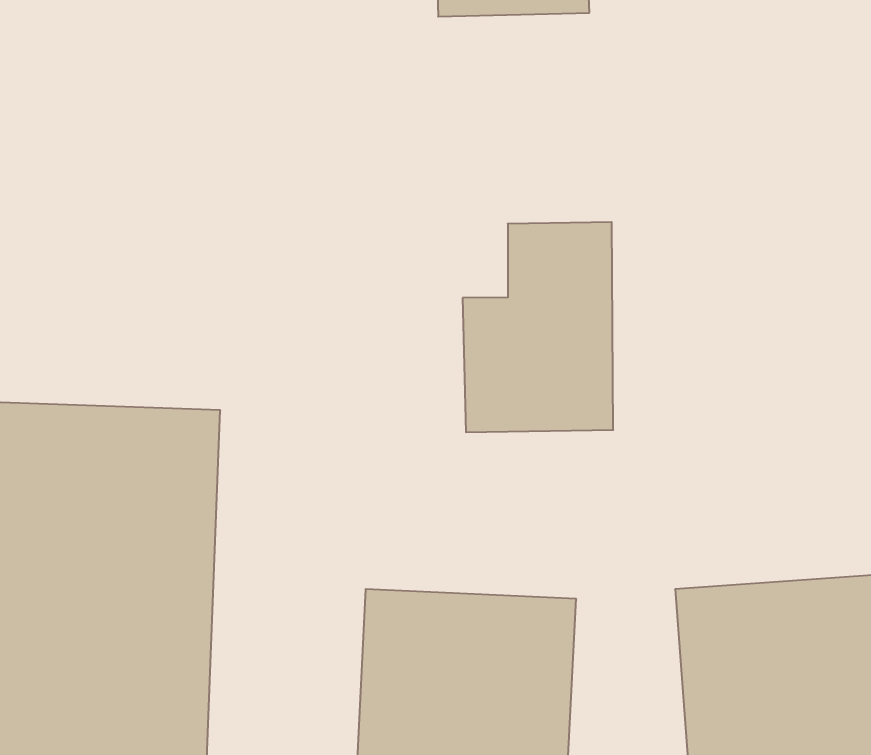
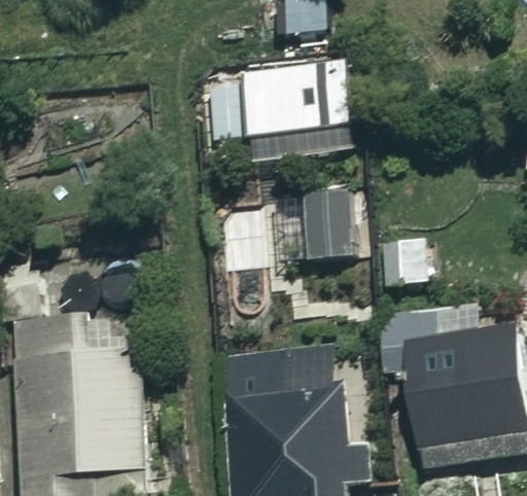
building: none -> [207,61,350,138]

